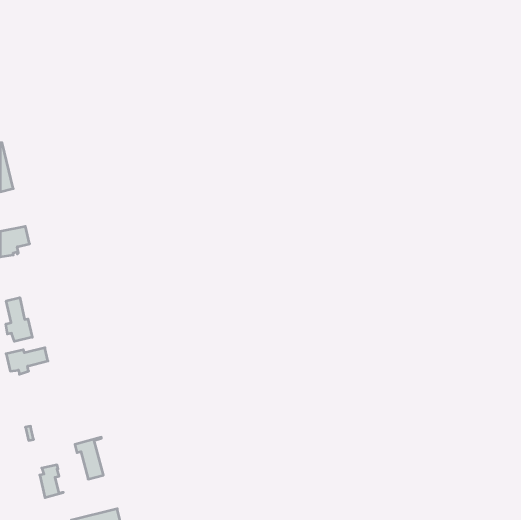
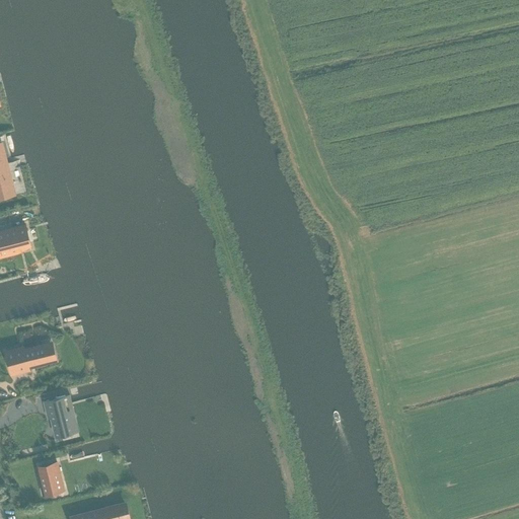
building: [6,298,32,341] -> none
building: [75,437,103,479] -> [44,395,72,437]

